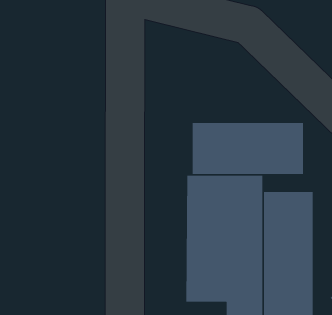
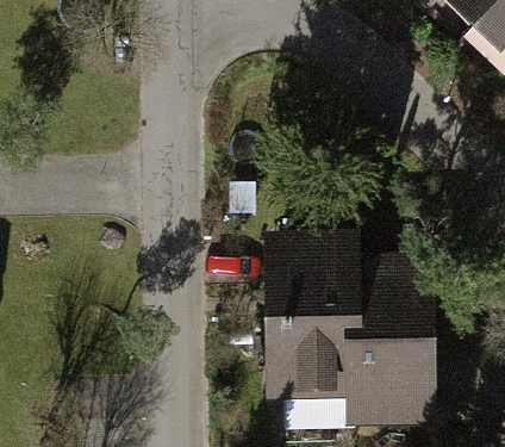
building: [192,122,304,175] -> none

